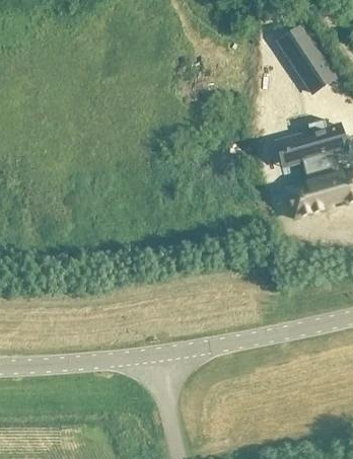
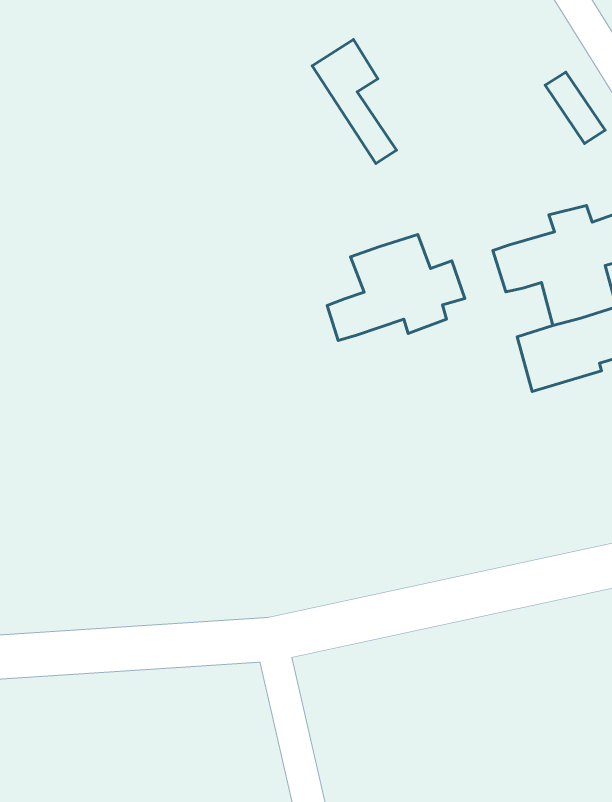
building: [278,24,324,91] -> [312,39,397,163]
building: none -> [327,234,465,341]

